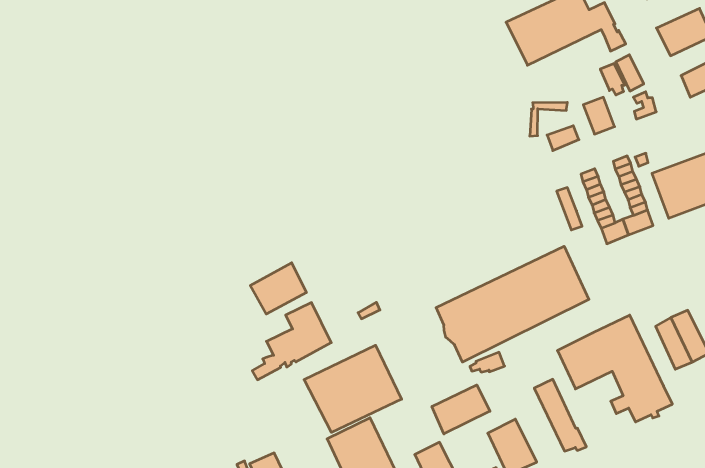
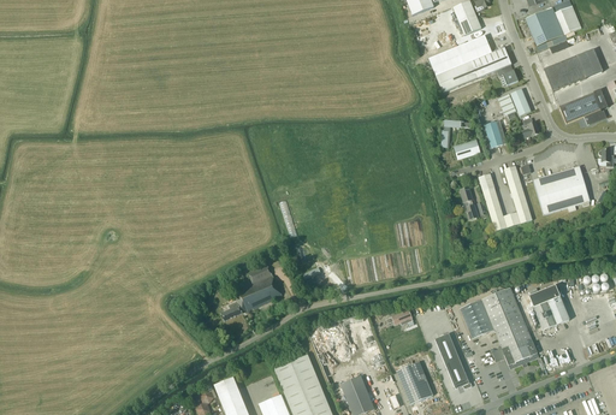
building: [436,246,589,362] -> none
building: [250,263,306,314] -> none
building: [304,345,402,432] -> none
building: [432,385,490,434] -> none

